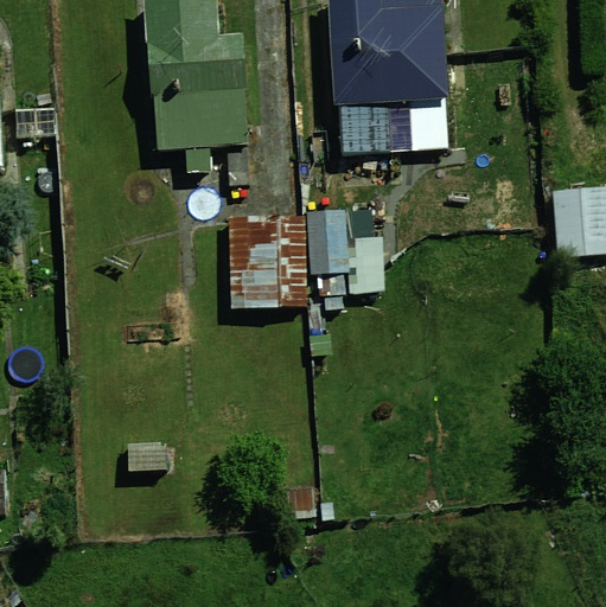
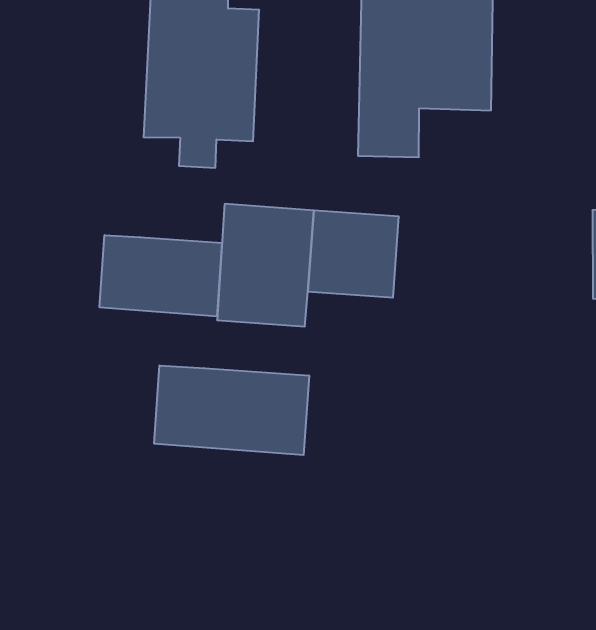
building: none -> [100,235,222,316]
building: none -> [154,365,309,455]

